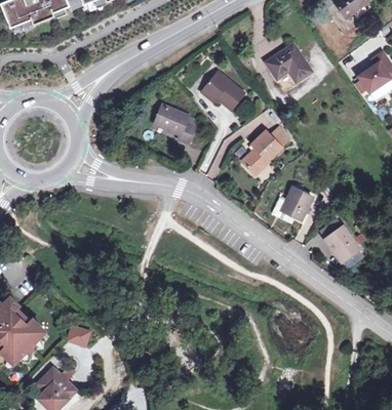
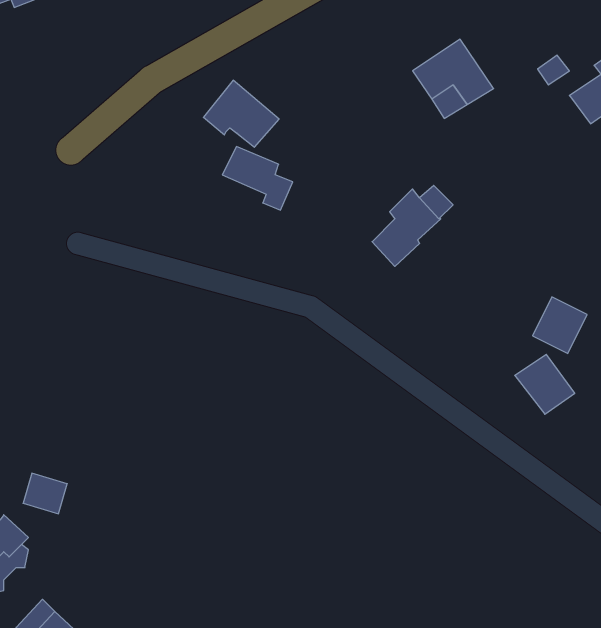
building: [201,70,245,109] -> [203,80,279,147]
building: [281,187,313,219] -> [533,297,587,353]
building: [65,321,90,344] -> [23,473,67,514]

